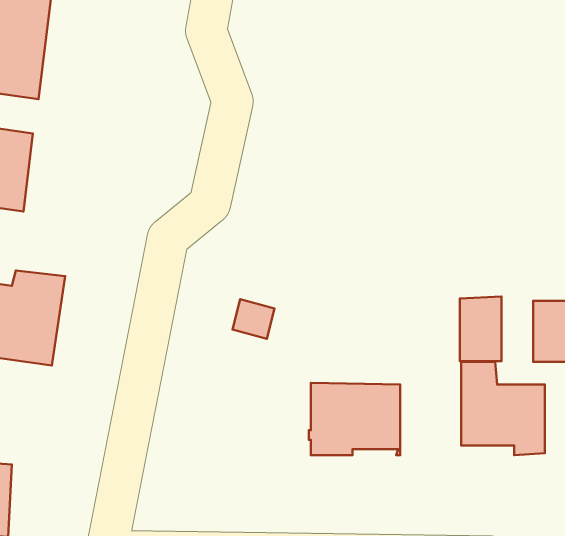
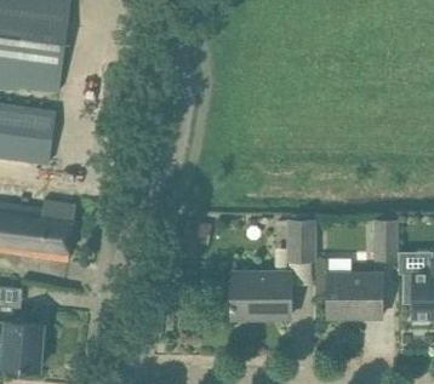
building: [460,297,502,361] -> [287,220,314,262]

